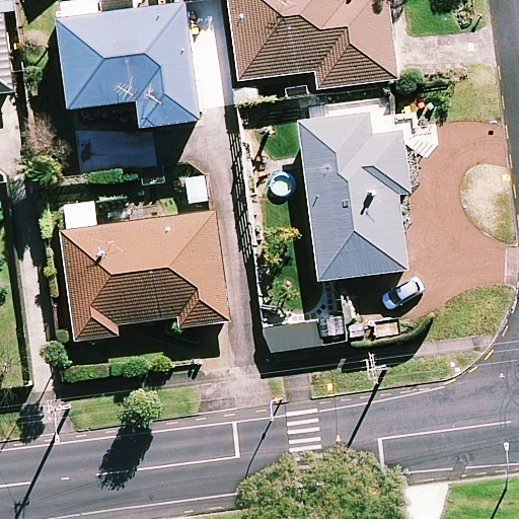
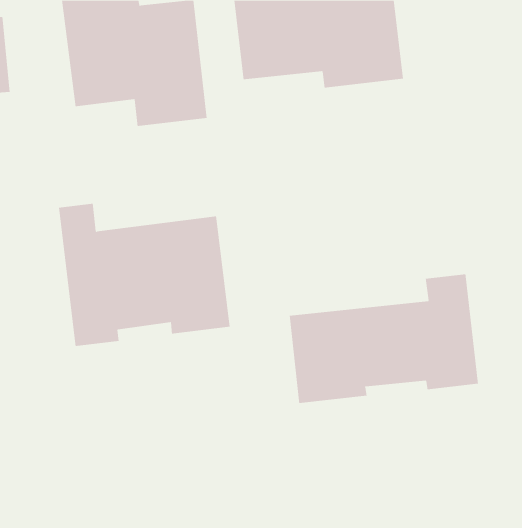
building: [298,112,409,280] -> none
building: none -> [289,273,479,404]

